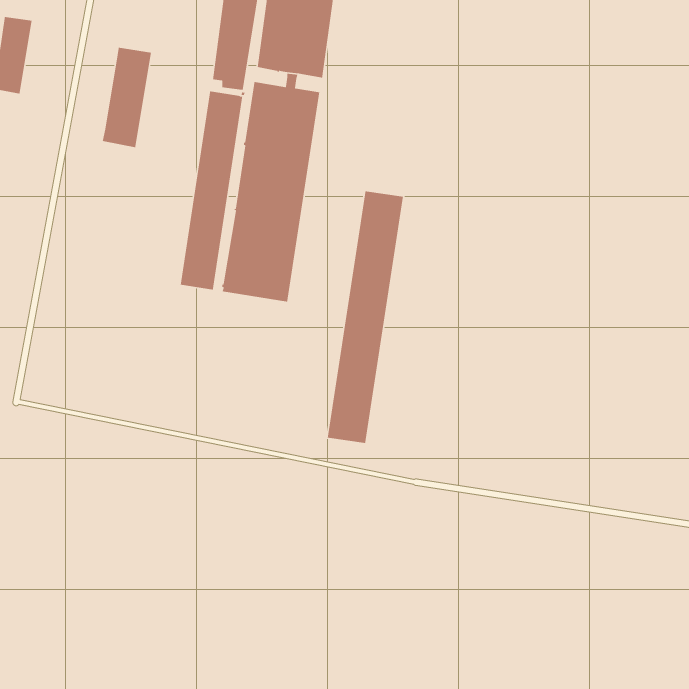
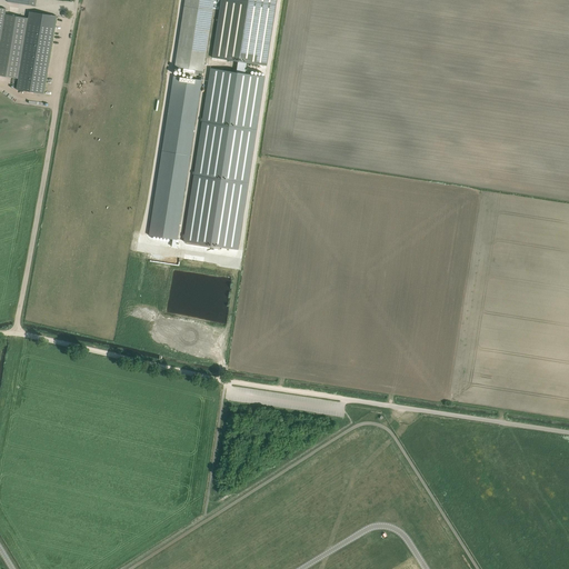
building: [102,47,152,148] -> [14,10,56,93]
building: [327,190,404,444] -> none

